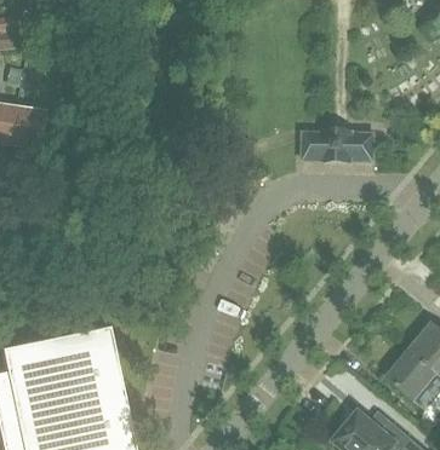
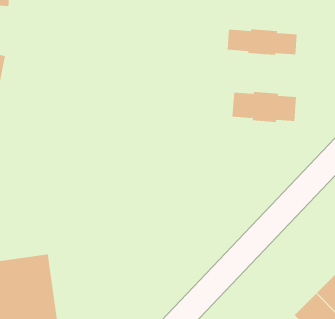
building: none -> [227,29,297,56]

